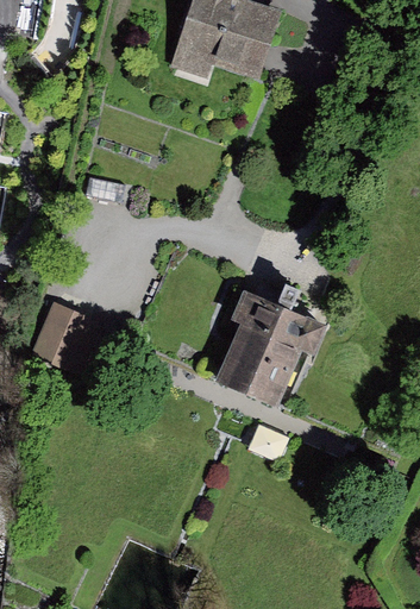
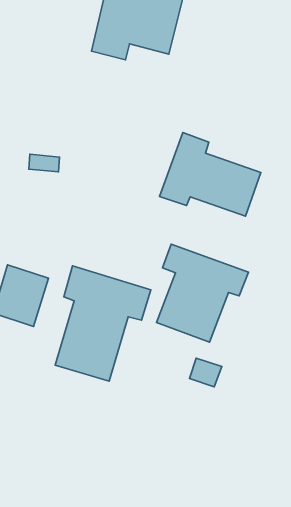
building: none -> [160,133,261,216]
building: none -> [55,266,151,381]

